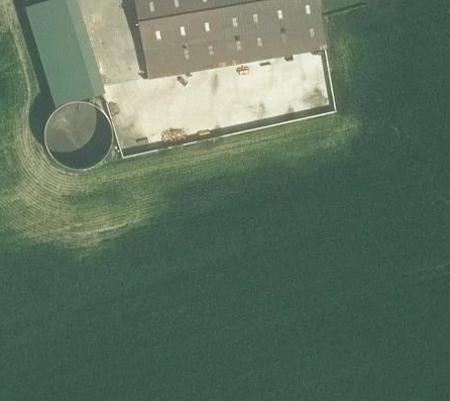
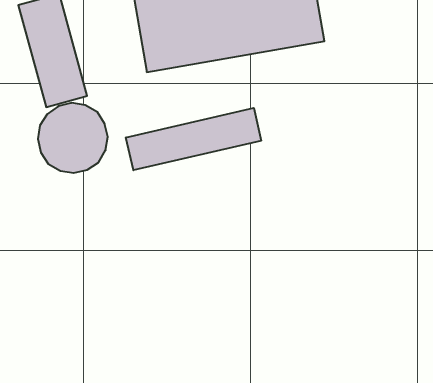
building: none -> [126,108,261,170]

